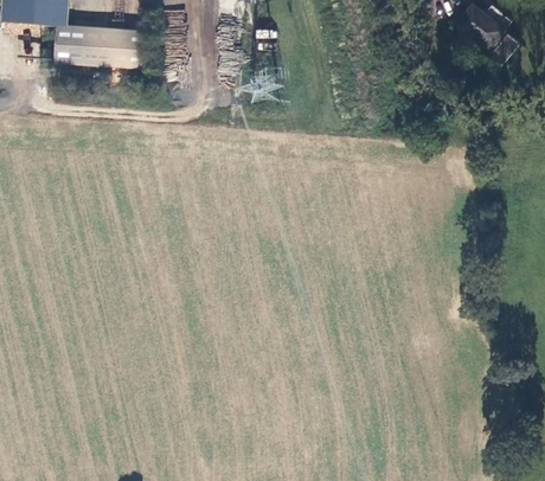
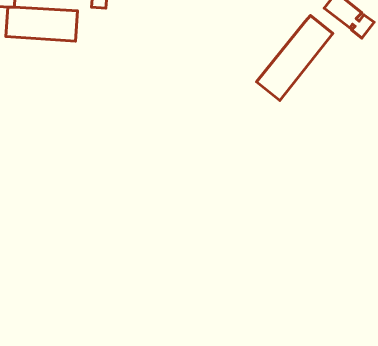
building: none -> [257,16,333,100]

